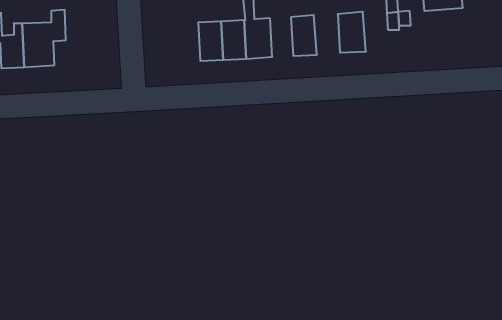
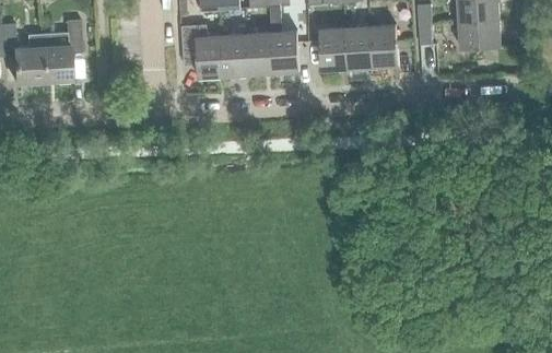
building: none -> [458,20,500,48]
building: none -> [180,25,223,78]
building: none -> [342,26,369,69]

